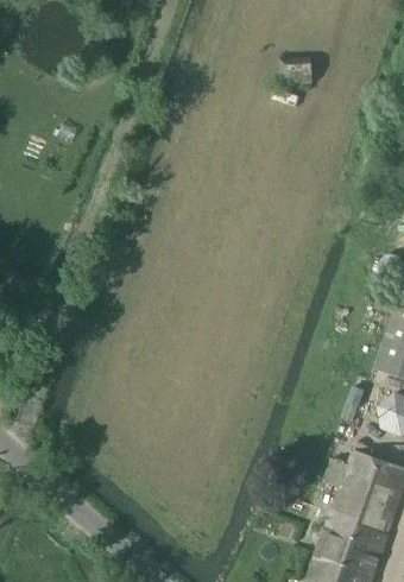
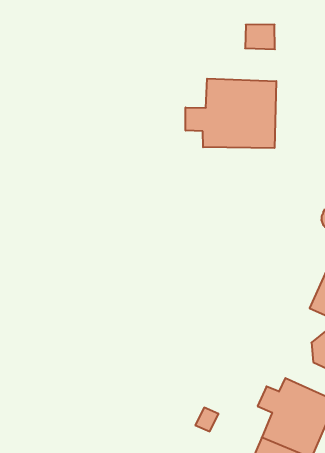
building: none -> [186,79,276,148]

